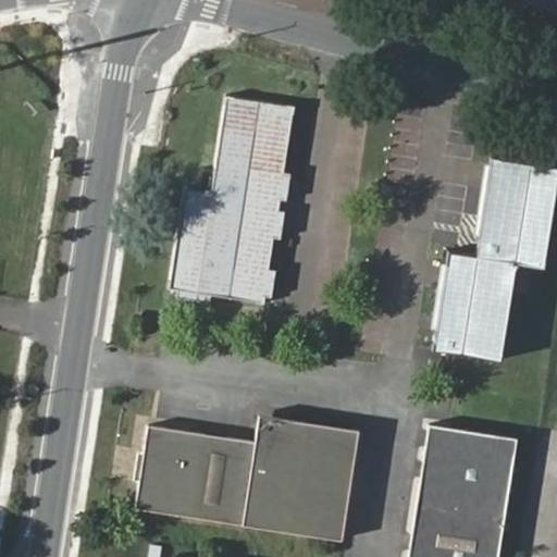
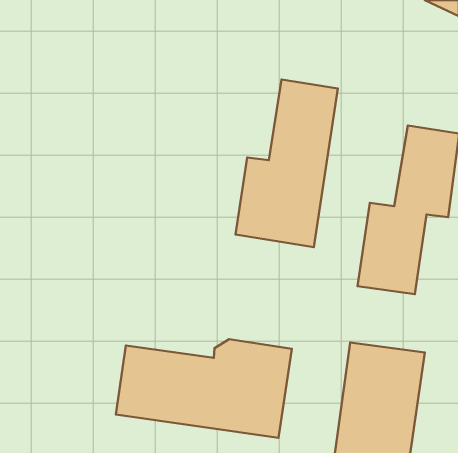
building: [173,104,297,308] -> [236,79,338,247]

